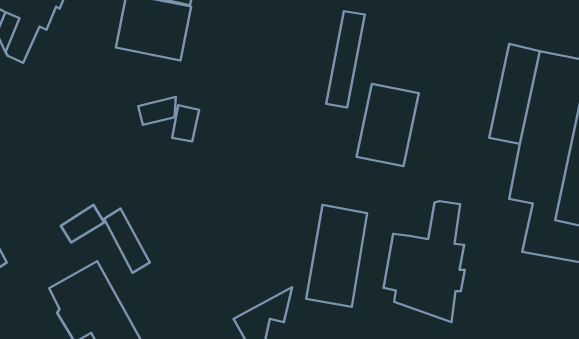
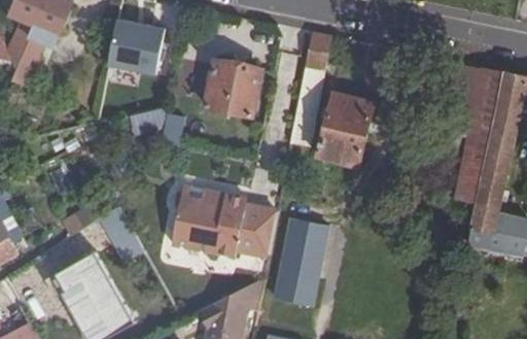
building: none -> [203,63,257,118]
building: none -> [174,184,276,255]
building: [384,201,465,322] -> none

